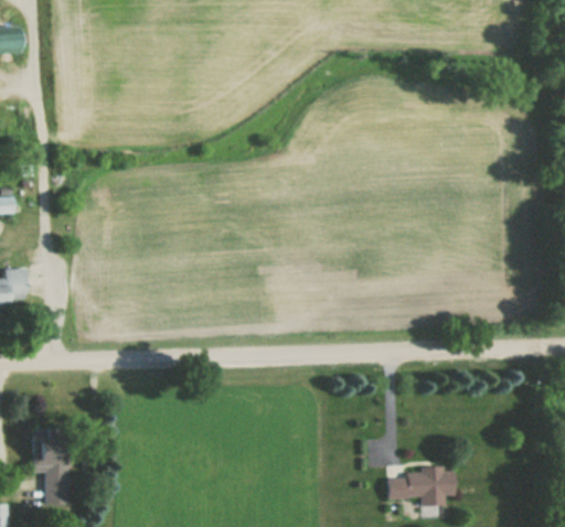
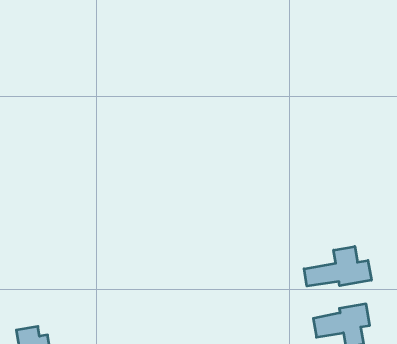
building: none -> [304,246,371,286]

